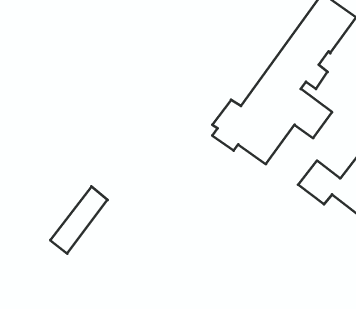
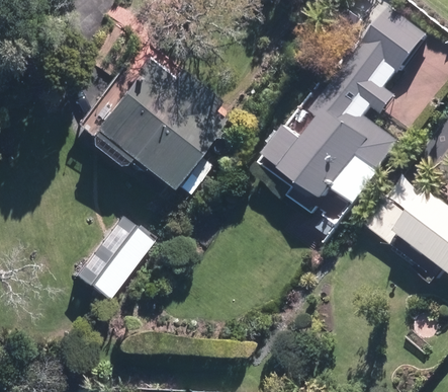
building: none -> [83,59,217,197]

